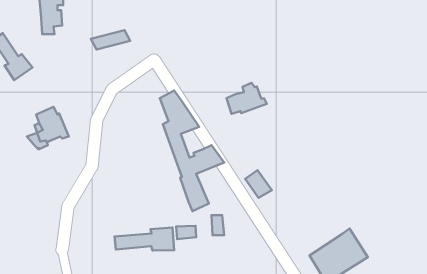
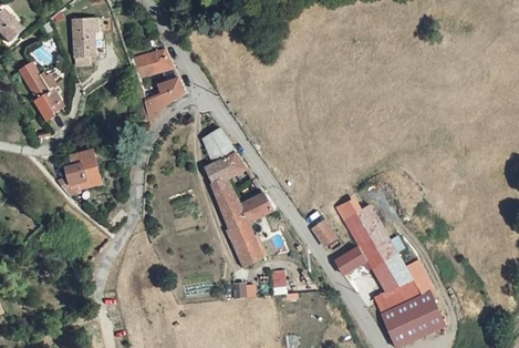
building: none -> [143,75,183,119]
building: [226,83,267,114] -> none
building: none -> [342,206,418,317]
building: [114,227,174,251] -> none

